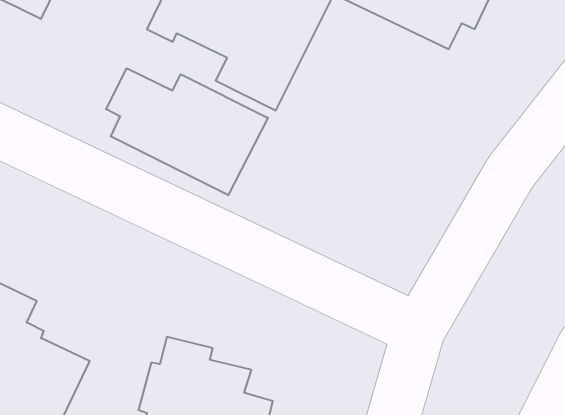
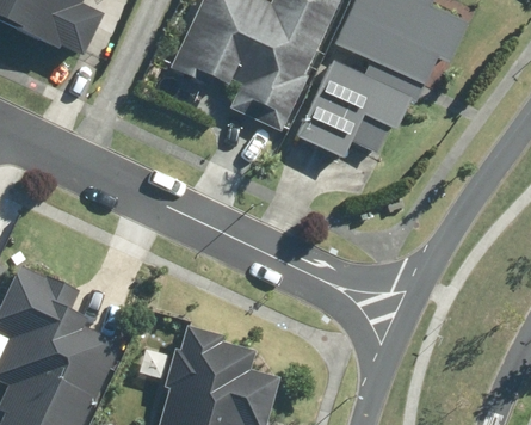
building: none -> [295,63,415,159]
building: [106,68,268,195] -> none

